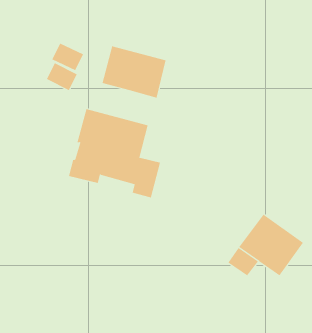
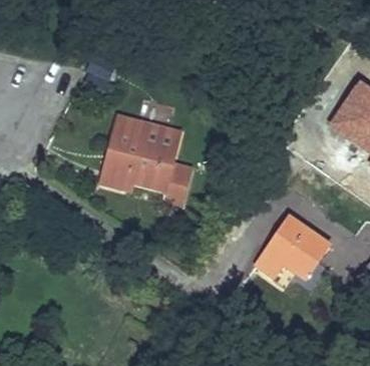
building: [102,46,166,99] -> none

